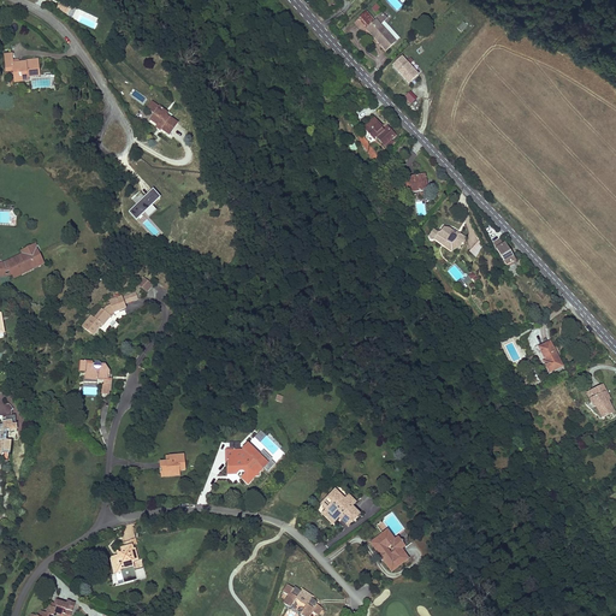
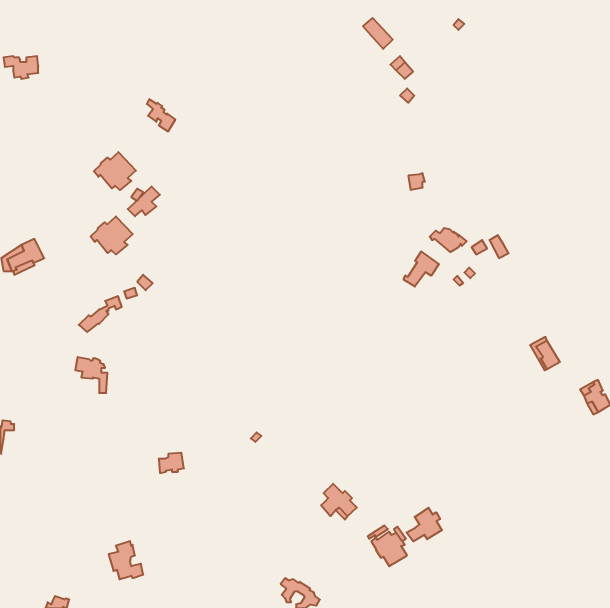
building: [363,114,393,150] -> none
building: none -> [94,152,136,190]
building: none -> [91,216,133,254]
building: none -> [404,251,439,287]
building: [226,440,276,476] -> none
building: none -> [407,508,442,541]

